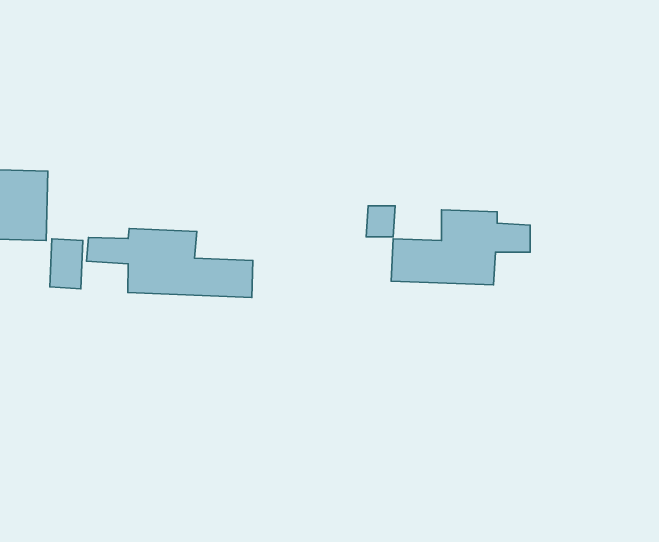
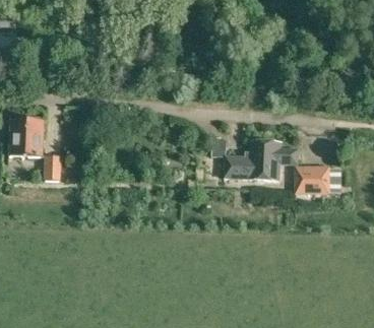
building: [86,229,253,297] -> none
building: none -> [295,167,341,195]

